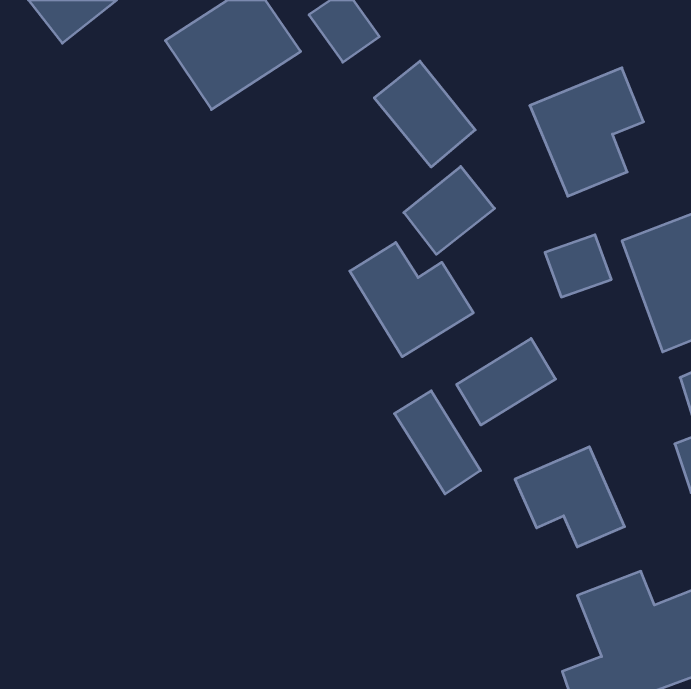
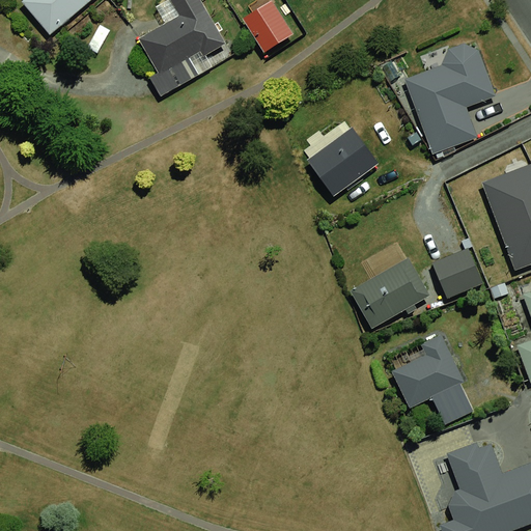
building: [374,61,475,167] -> none
building: [545,235,611,297] -> [430,248,481,296]
building: [350,242,473,357] -> none
building: [394,391,481,494] -> none

